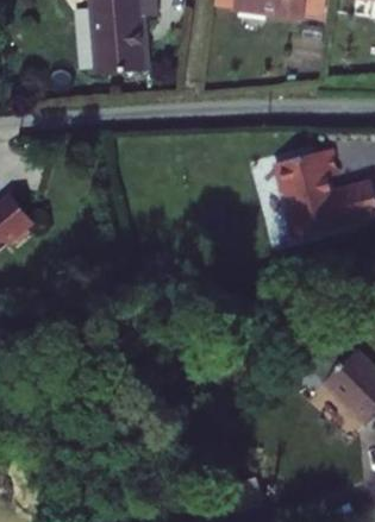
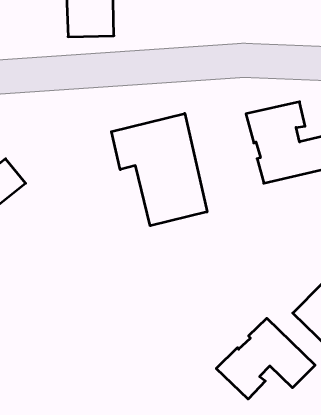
building: none -> [111,113,207,226]
building: none -> [216,318,315,399]

